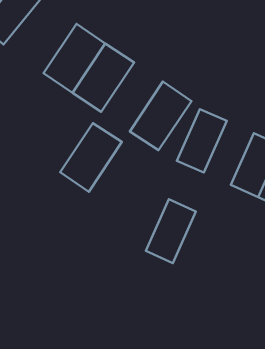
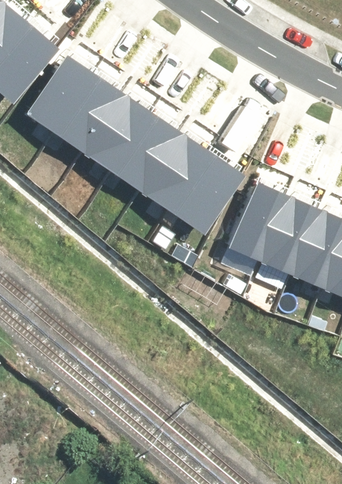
building: none -> [26,54,101,137]
building: [60,123,122,192] -> [131,124,206,208]
building: [146,199,196,263] -> [256,195,317,273]

